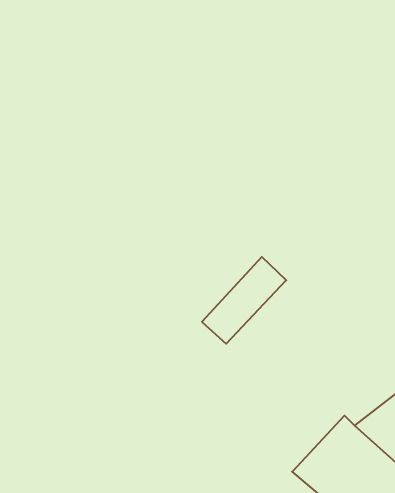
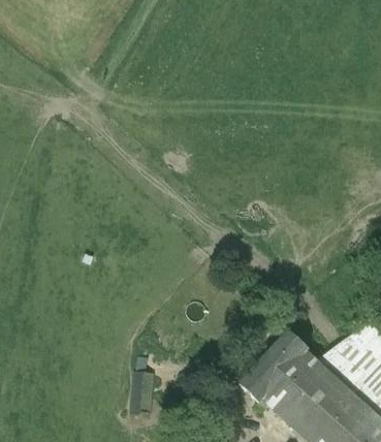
building: [202,257,286,344] -> [239,332,310,405]
building: none -> [130,372,153,415]

